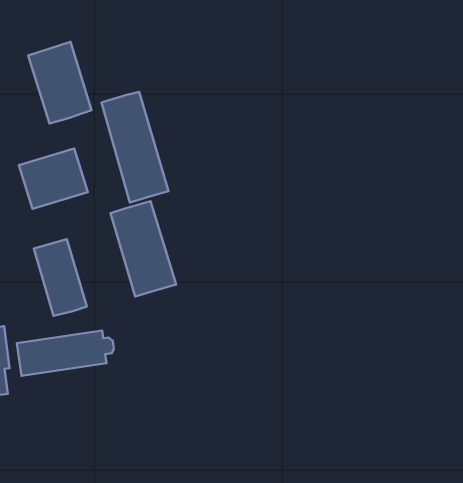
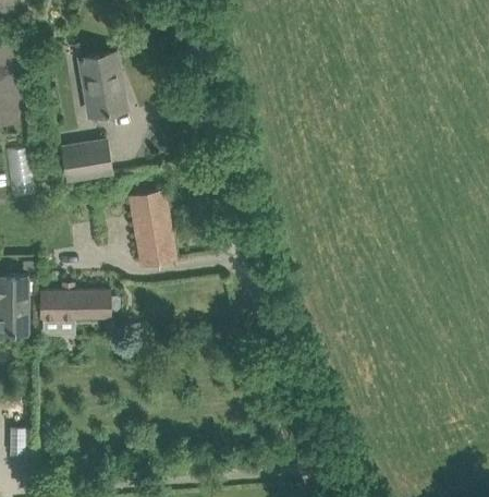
building: [102,92,169,202] -> none
building: [34,239,87,316] -> none

